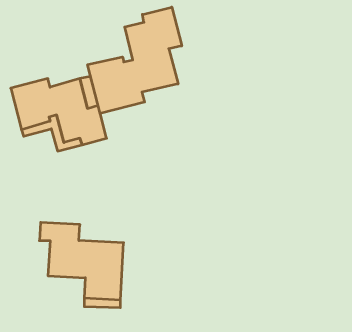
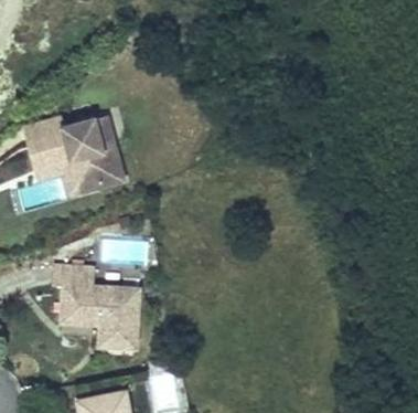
building: [88,7,182,114] -> none

